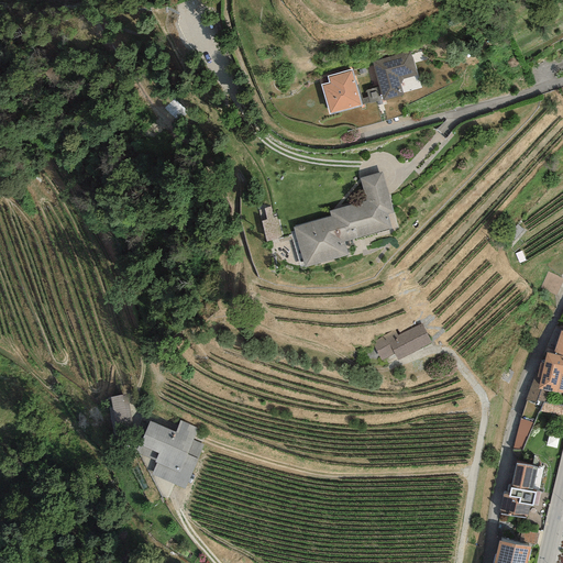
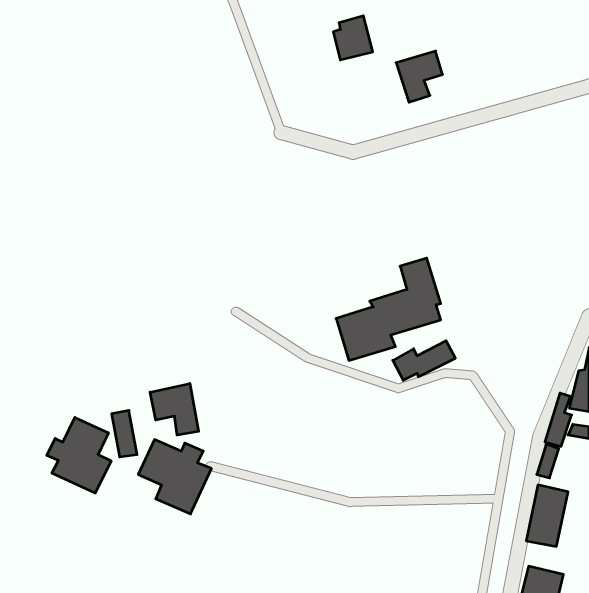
building: [328,68,365,110] -> [333,16,373,60]
building: [299,169,398,266] -> [336,258,441,360]
building: none -> [150,383,199,435]
building: none -> [47,417,111,493]

